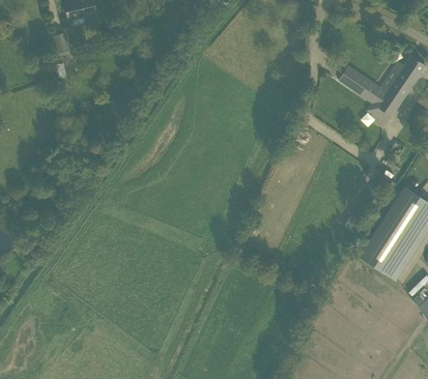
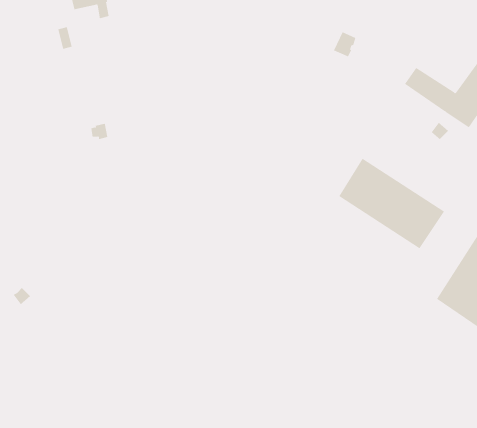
building: none -> [339,158,445,249]

